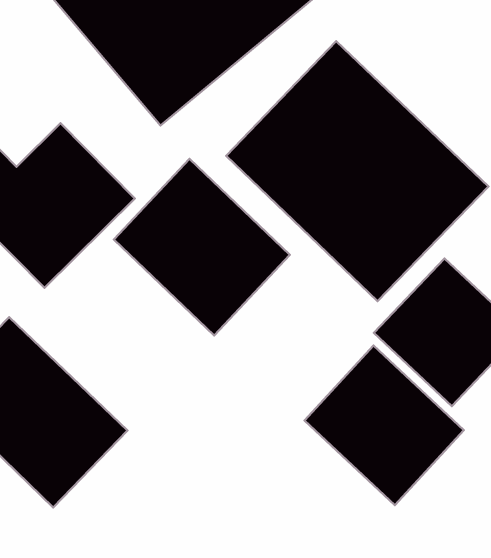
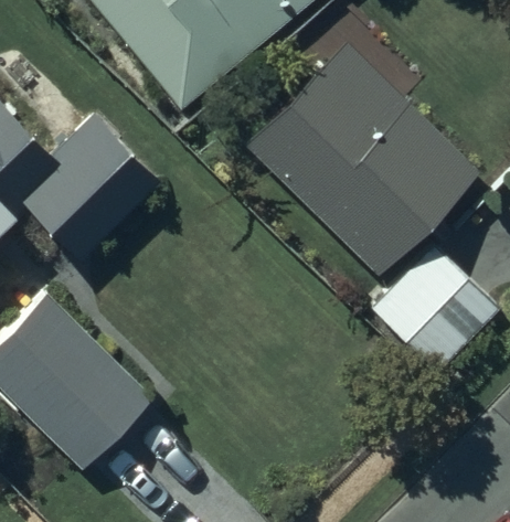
building: [114,159,290,336] -> none
building: [304,345,464,505] -> none

